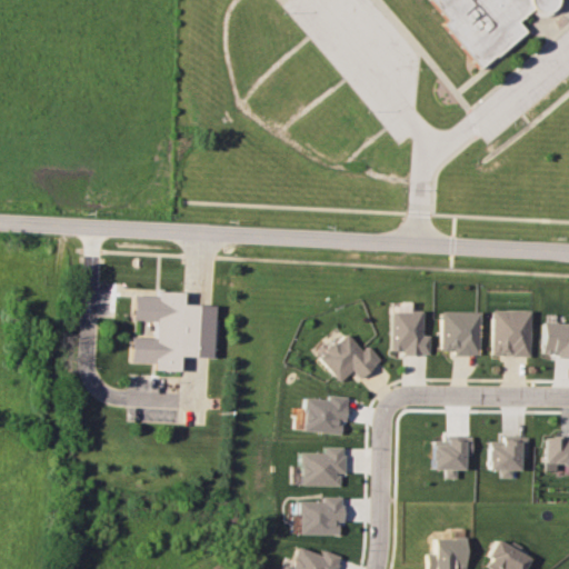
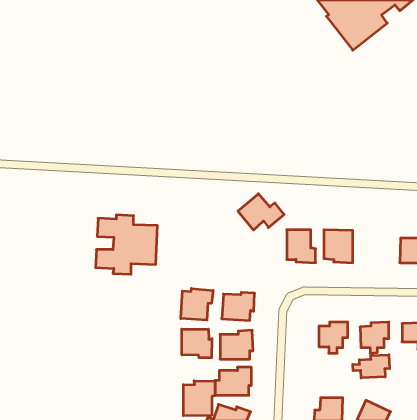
building: [493,310,532,356] -> none
building: [320,333,382,382] -> [238,194,284,230]
building: none -> [181,288,213,320]
building: none -> [182,329,212,358]
building: none -> [353,355,390,378]
building: none -> [183,381,215,416]

